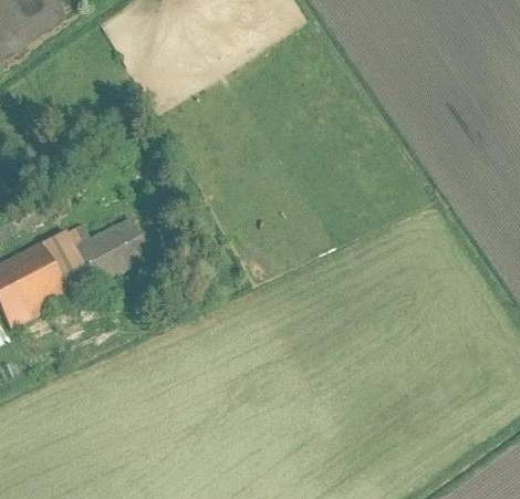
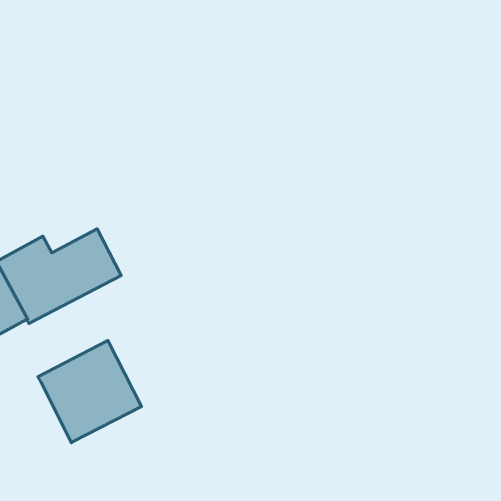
building: none -> [38,340,142,443]

